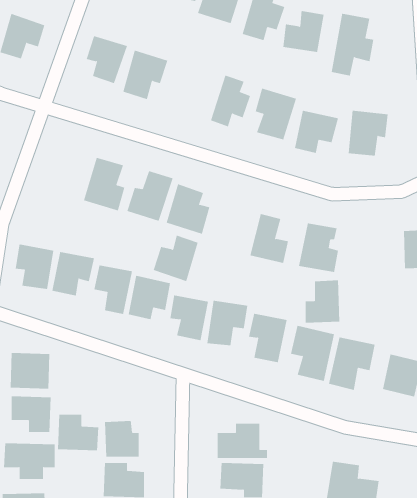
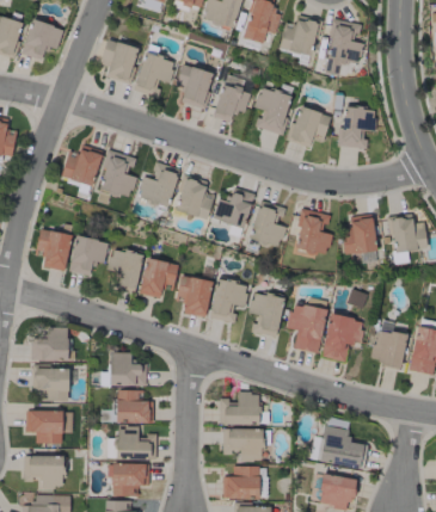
building: none -> [176,64,214,109]
building: none -> [61,144,103,187]
building: [153,235,199,282] -> [213,187,254,230]
building: [305,280,340,323] -> [343,215,375,254]
building: [57,414,99,451] -> [109,353,147,387]

